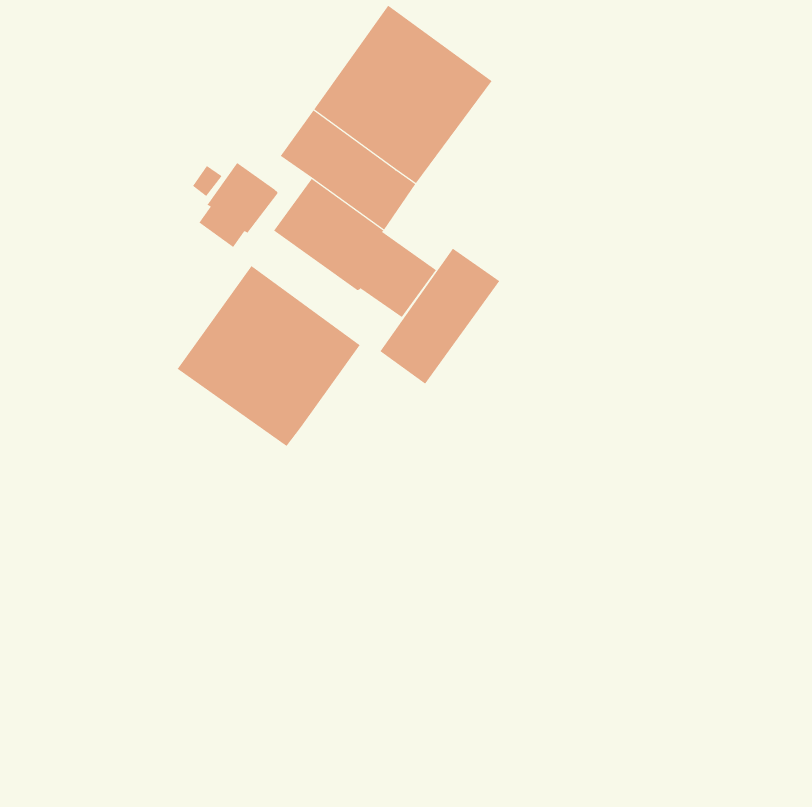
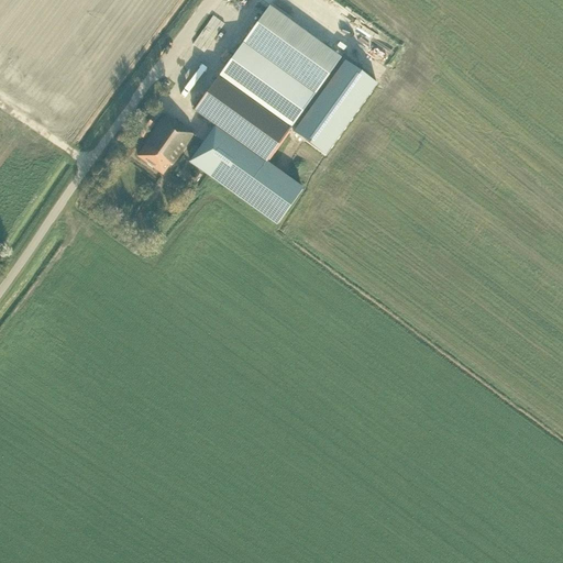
building: [380,248,500,385] -> [296,60,379,155]
building: [177,265,360,447] -> none

